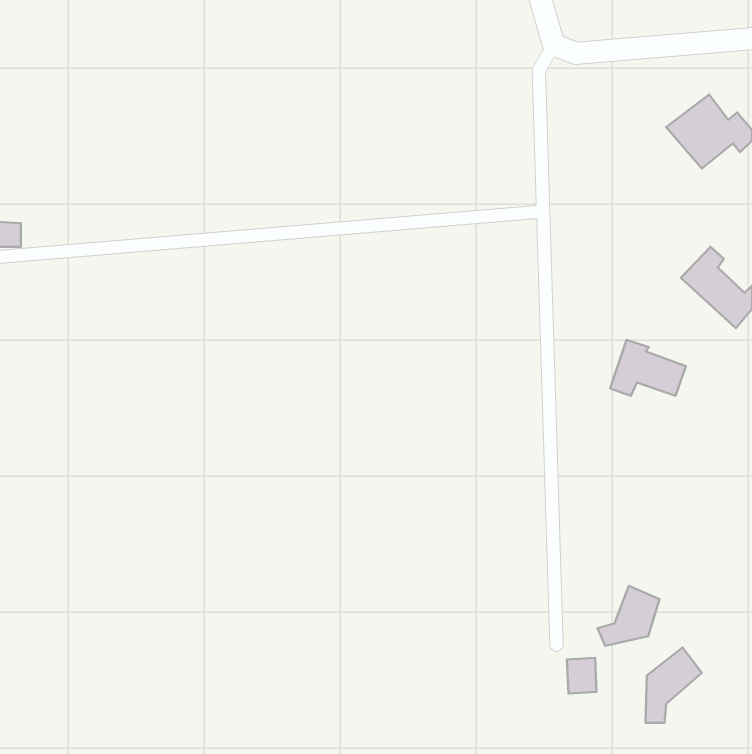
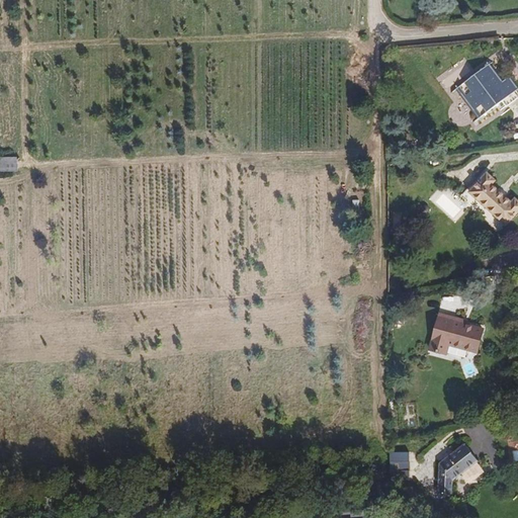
building: [610,340,686,396] -> [431,315,483,353]
building: [598,586,660,646] -> none

